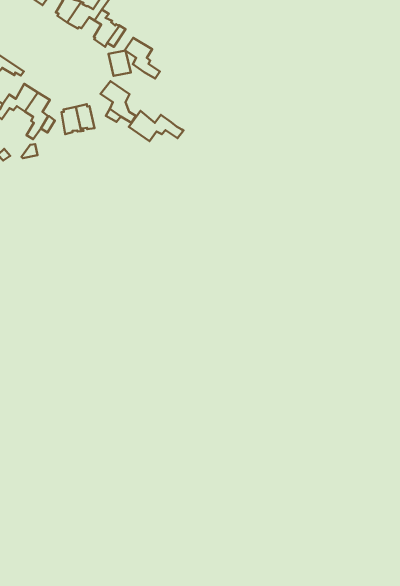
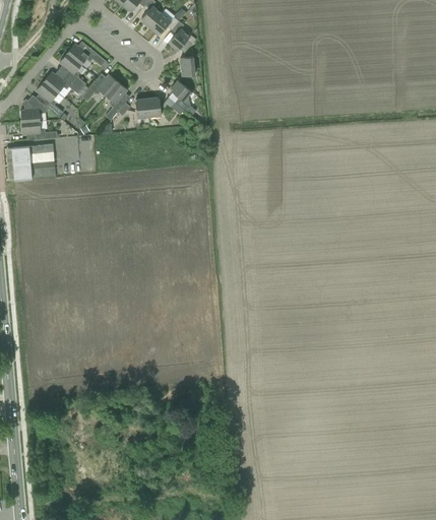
building: [125,38,160,79] -> none
building: [129,111,183,141] -> none

